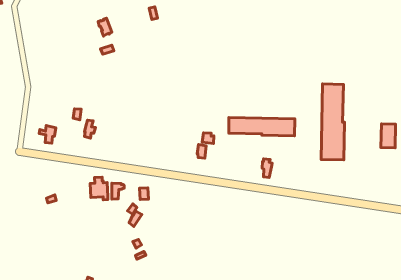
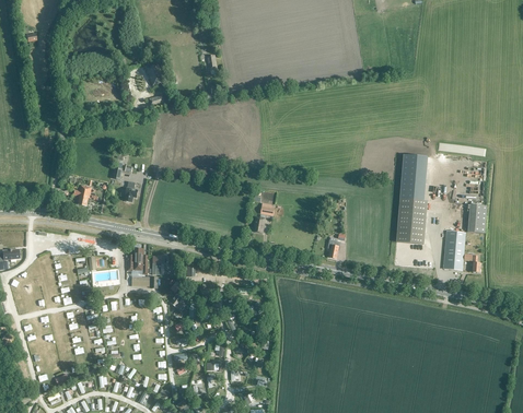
building: [229,118,295,136] -> none
building: none -> [443,231,465,270]

